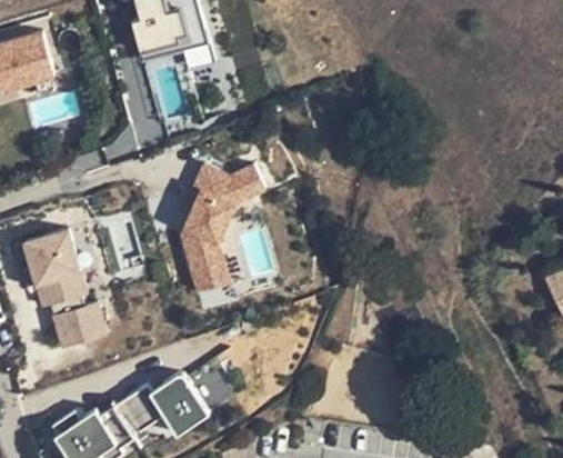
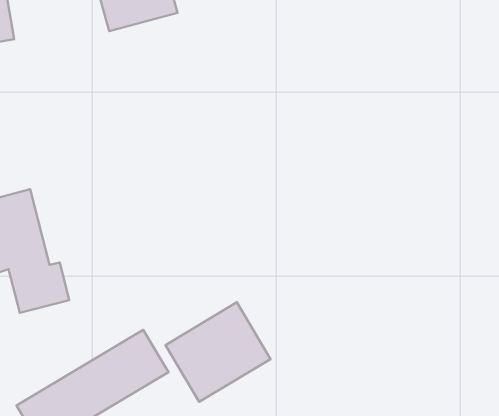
building: [168,159,267,293] -> none
building: none -> [166,302,271,402]

